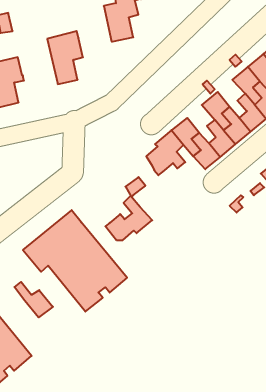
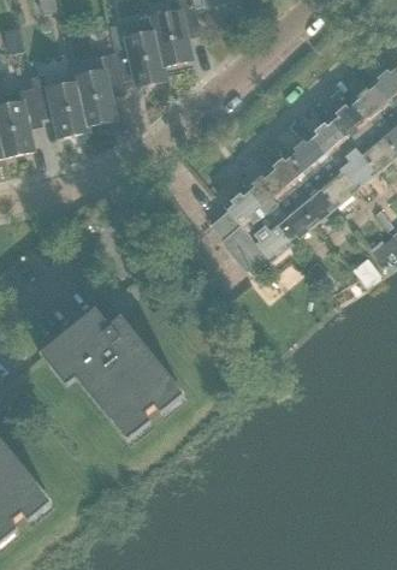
building: none -> [109,16,166,85]
building: none -> [31,66,88,137]
building: none -> [309,118,350,171]
building: none -> [267,153,307,206]
building: [105,196,152,240] -> [227,208,292,269]
building: [14,282,53,317] -> none

